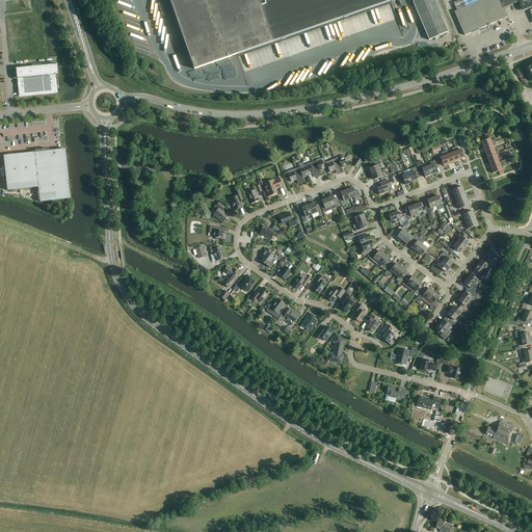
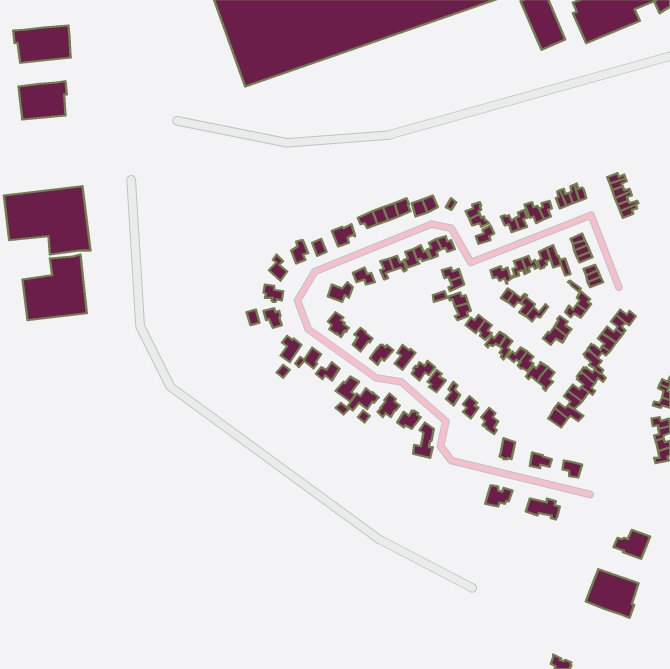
building: none -> [13,26,71,63]
building: none -> [23,254,87,320]
building: none -> [586,569,638,618]

